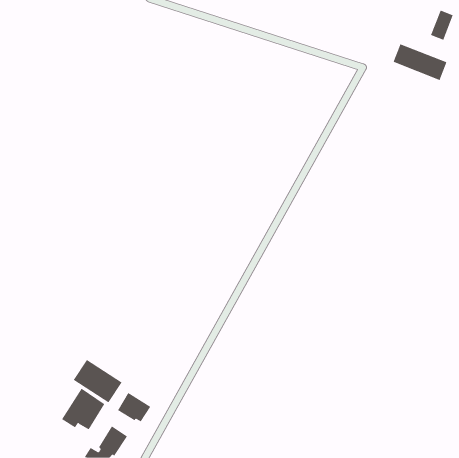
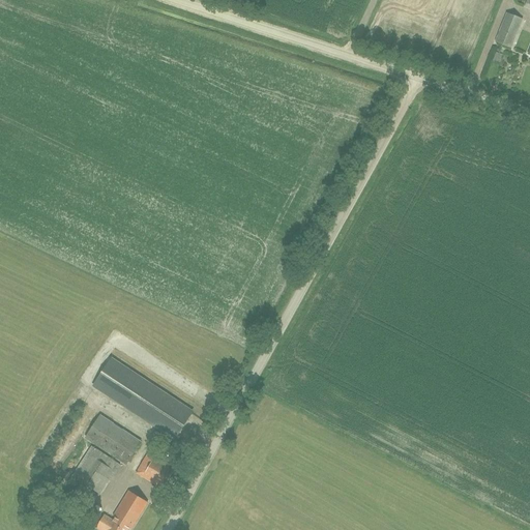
building: [393,43,447,81] -> none
building: none -> [92,357,192,438]

